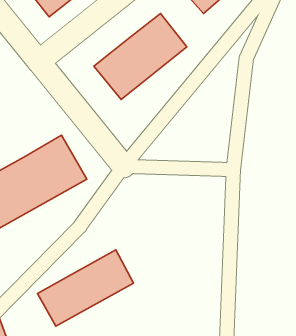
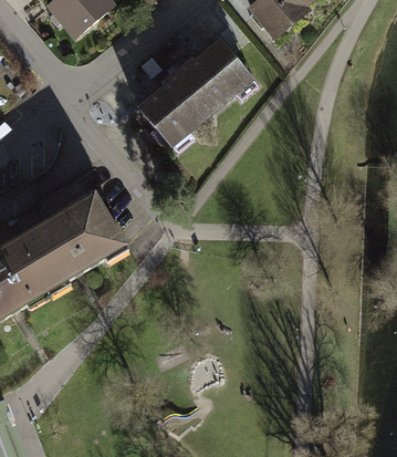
building: [38,250,134,326] -> none

